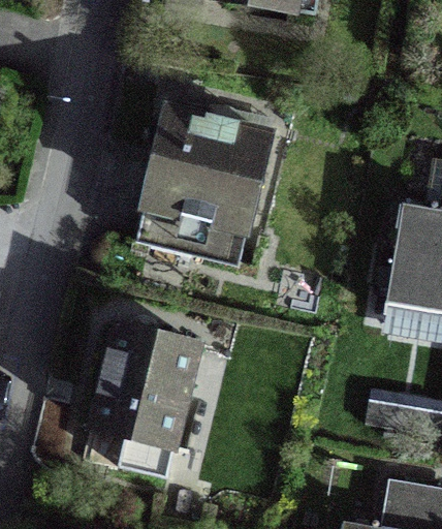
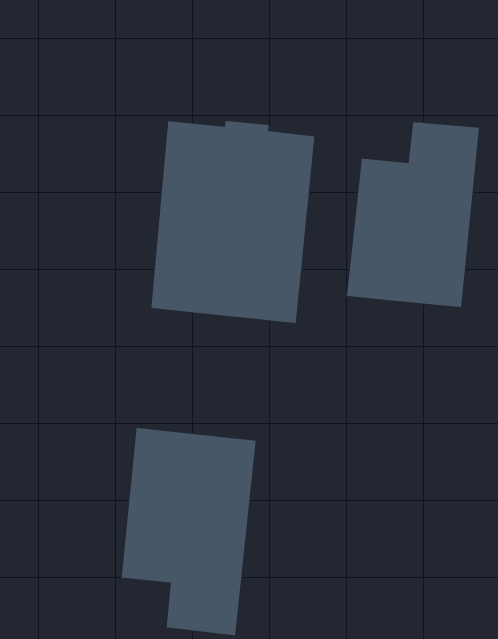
building: none -> [347,121,480,308]

